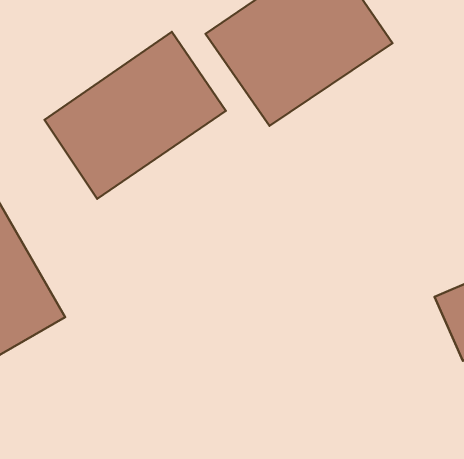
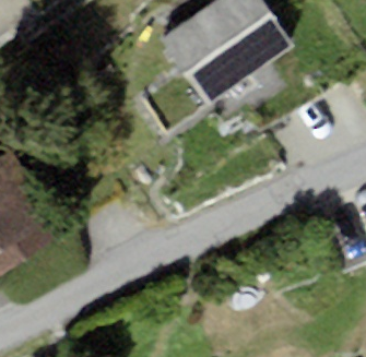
building: [44,32,226,199] -> none

